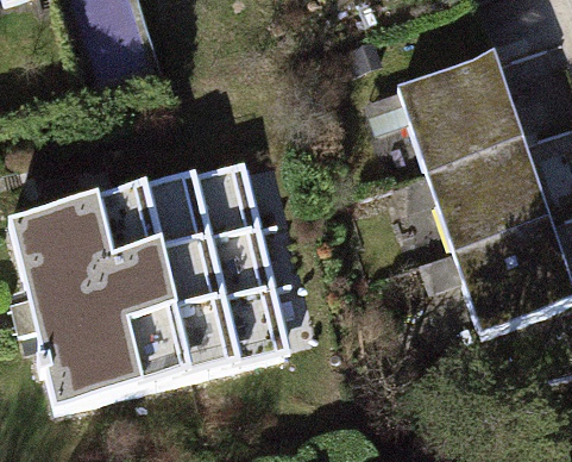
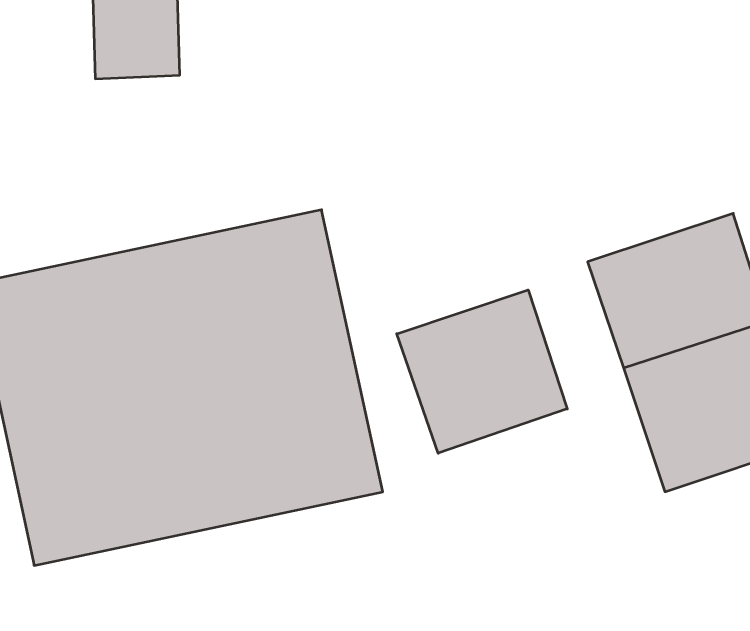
building: [397,69,524,194] -> none
building: none -> [397,290,567,453]

